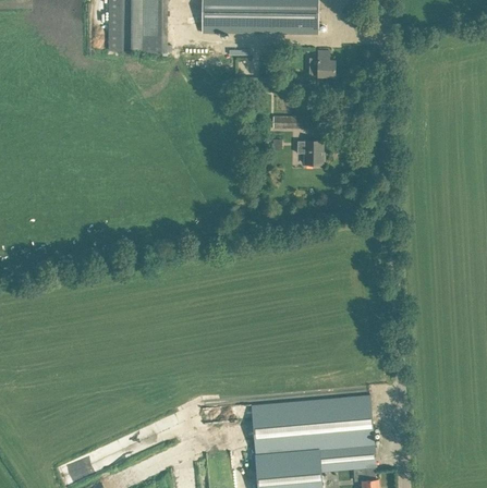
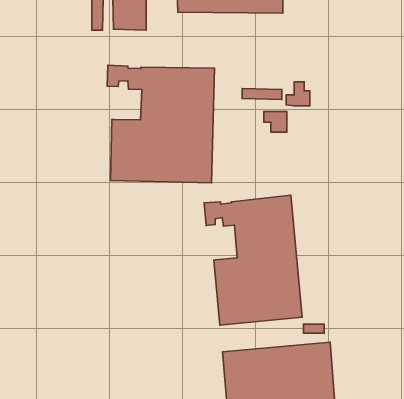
building: [308,50,334,76] -> [286,82,310,106]
building: none -> [107,65,214,183]
building: none -> [204,195,302,325]

